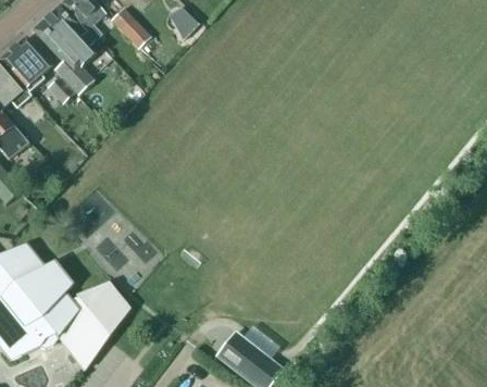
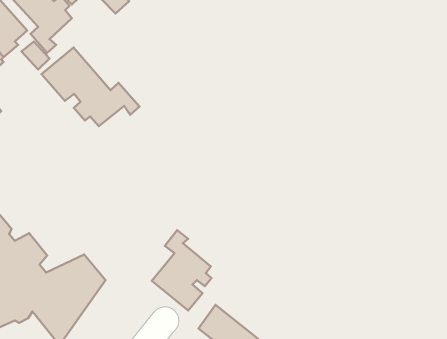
building: none -> [42,47,140,126]
building: none -> [152,230,212,311]

